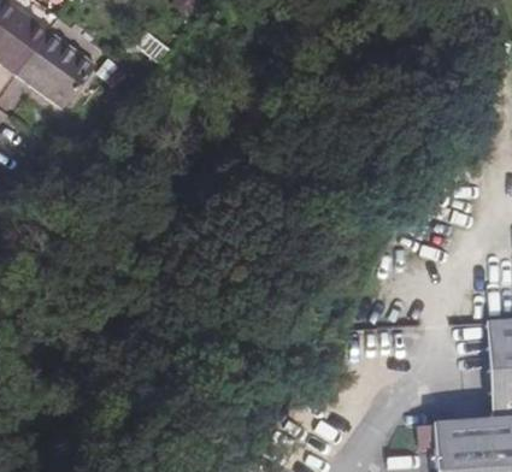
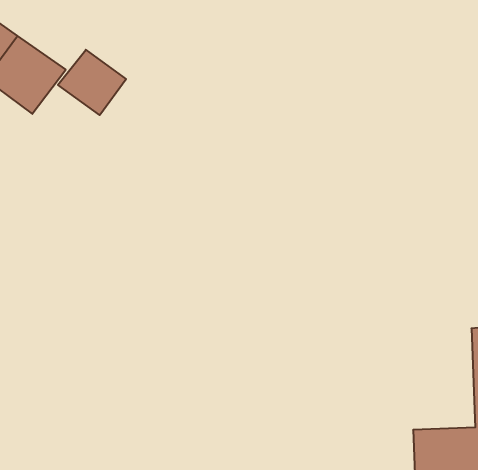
building: none -> [58,50,126,115]

